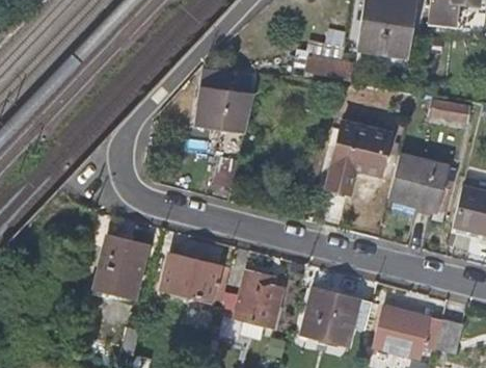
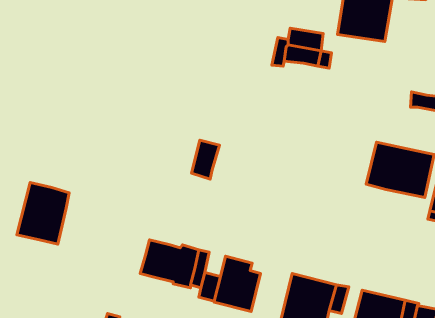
building: [194,69,254,132] -> none
building: [327,122,388,191] -> none
building: [92,235,145,297] -> [17,182,69,244]

